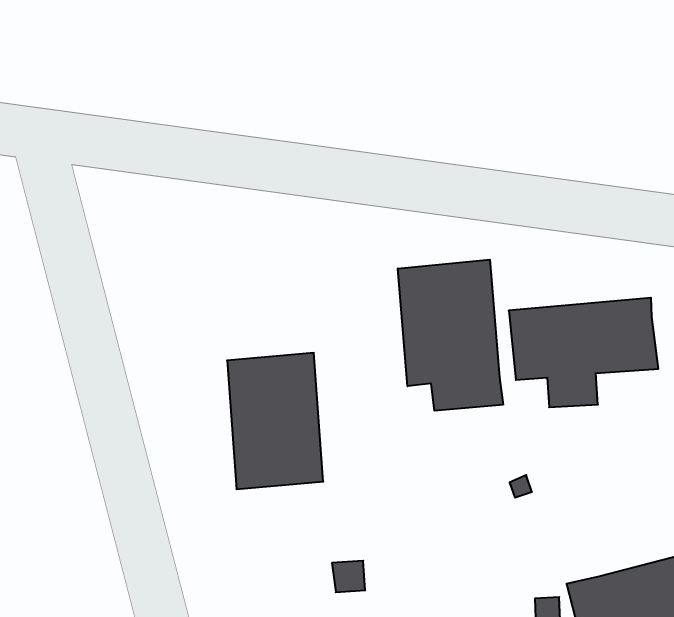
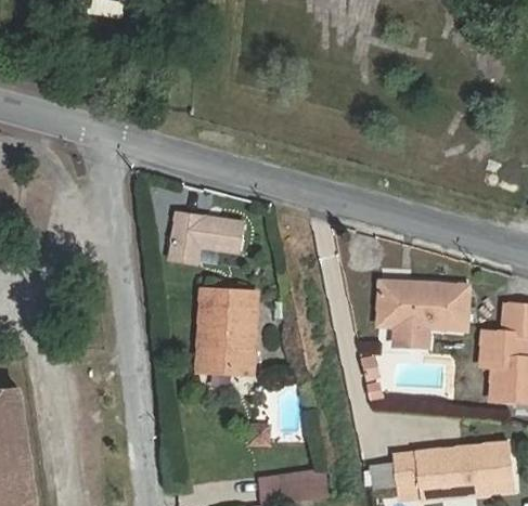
building: none -> [169,213,244,262]
building: [398,260,503,411] -> none

